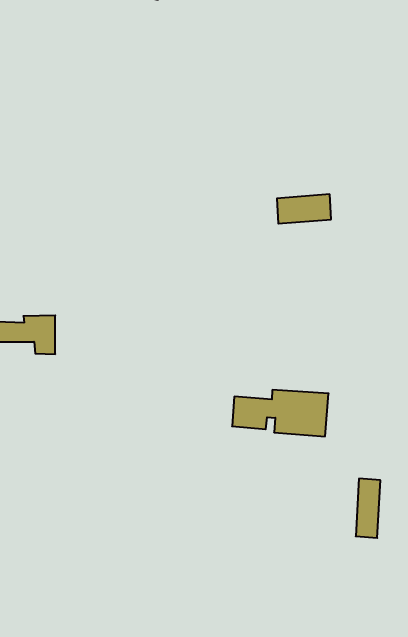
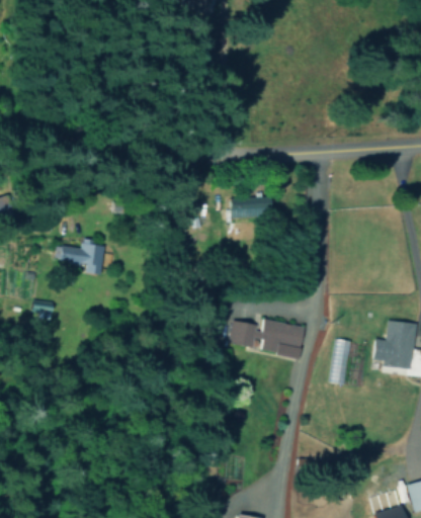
building: [277,194,331,224] -> [228,197,269,218]
building: [356,479,380,538] -> [329,338,352,384]

